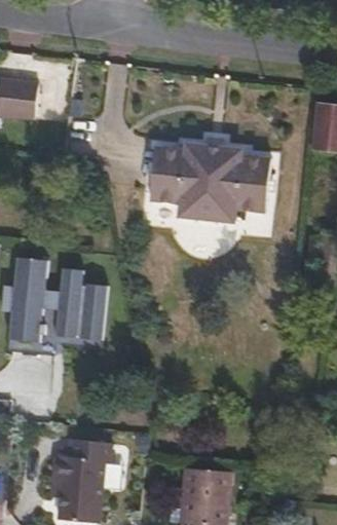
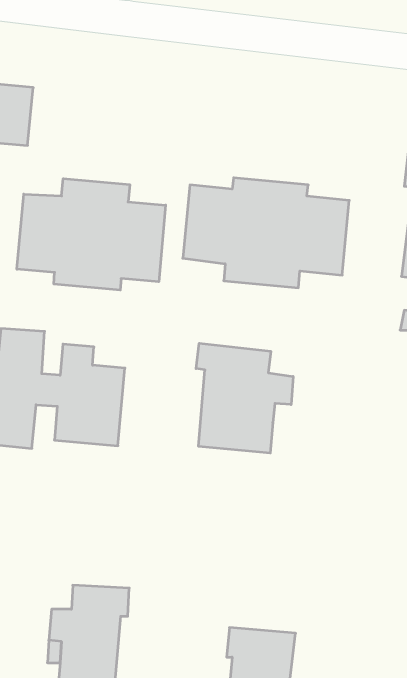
building: none -> [17,179,166,290]
building: none -> [196,343,293,453]

